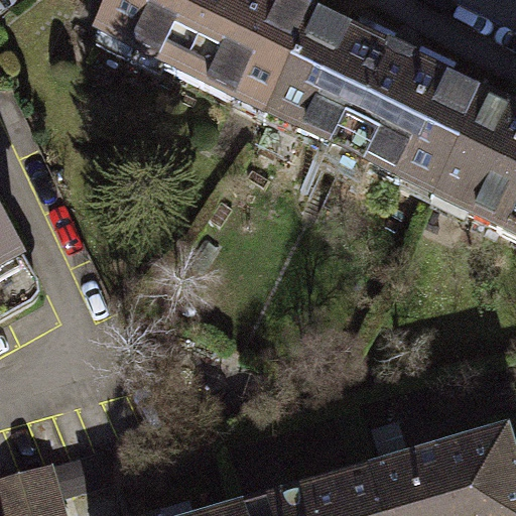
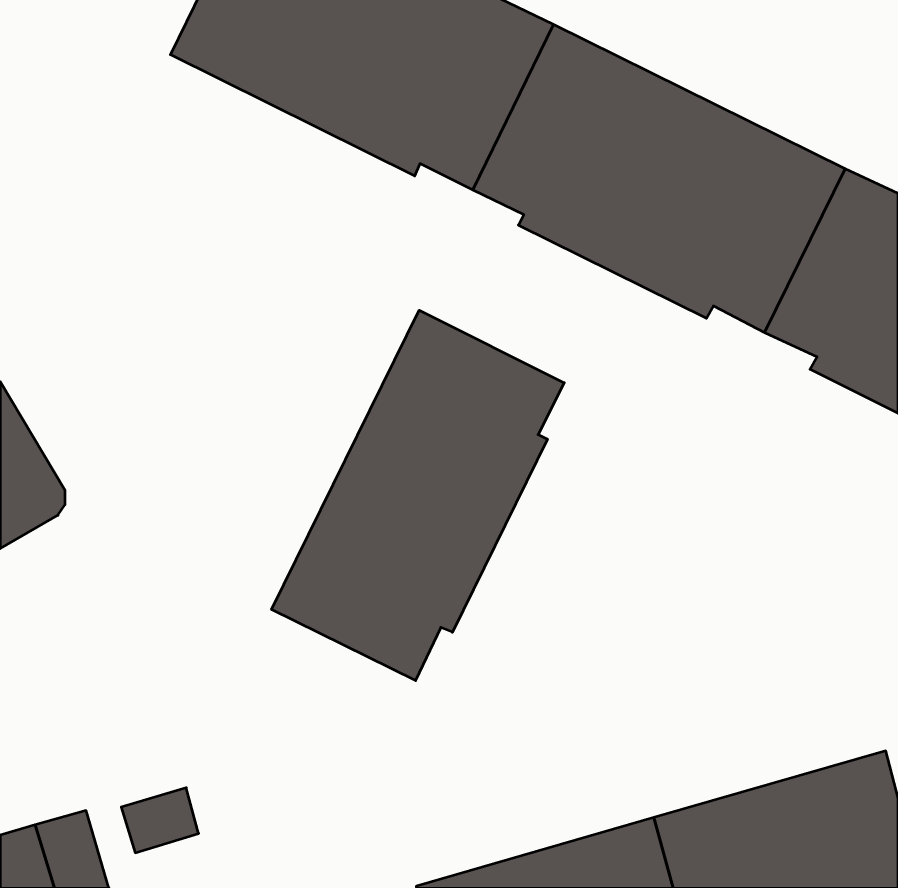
building: none -> [272,310,564,681]

